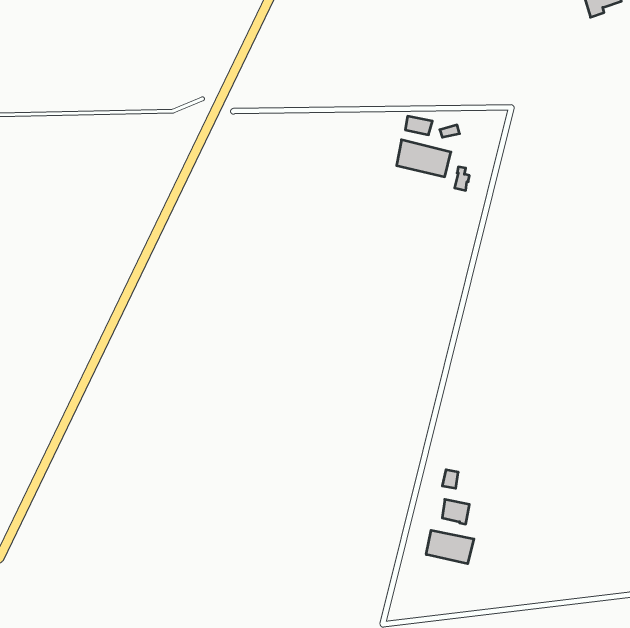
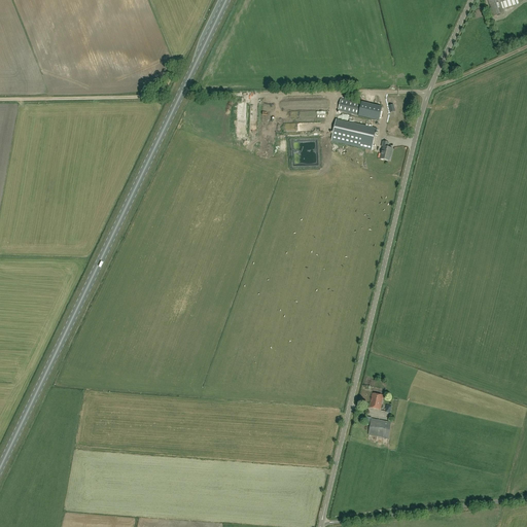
building: [426,530,474,564] -> none

